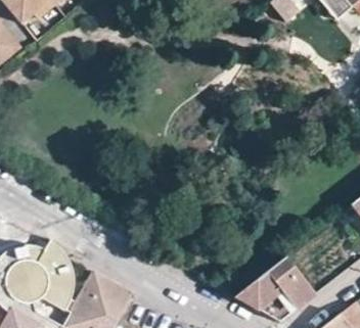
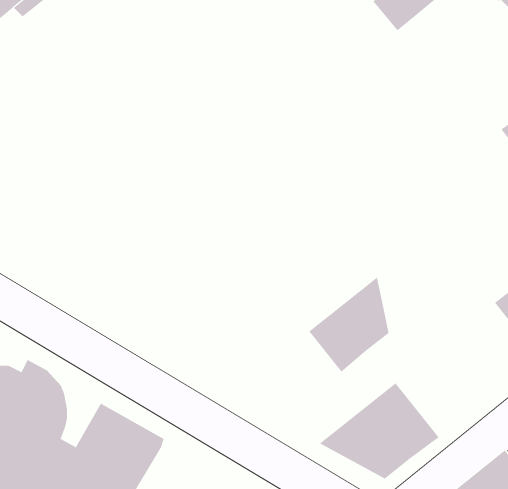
building: none -> [309,276,389,373]

